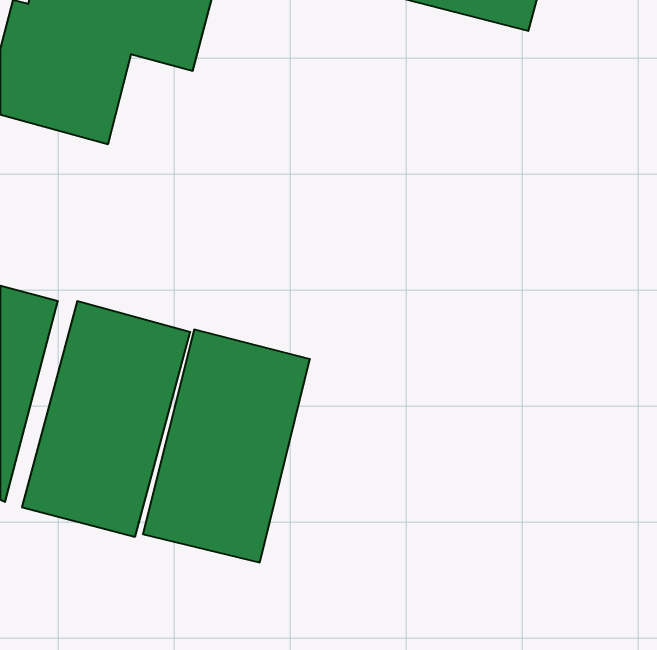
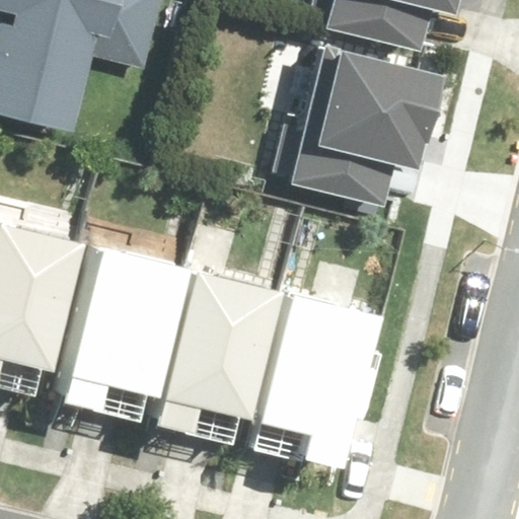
building: none -> [289,44,410,178]
building: none -> [210,282,351,473]

